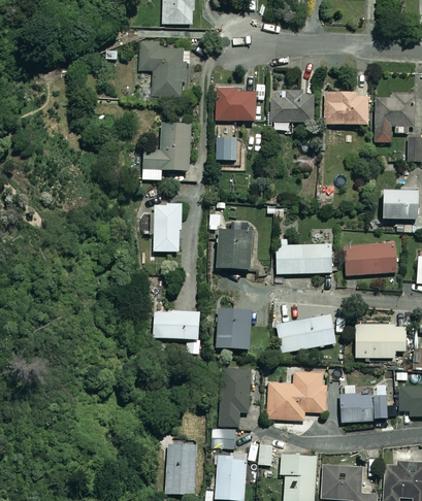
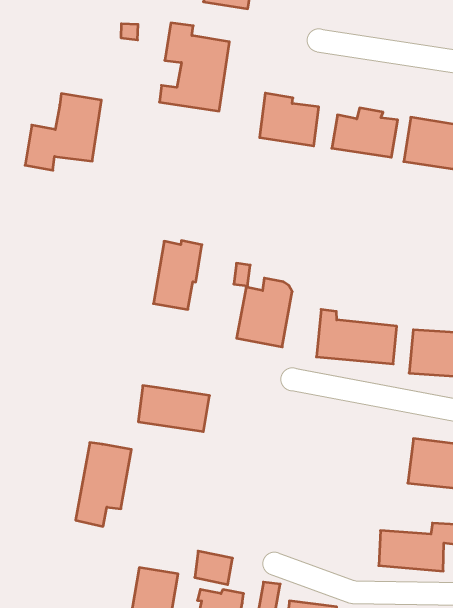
building: [141,124,191,180] -> [25,94,101,170]
building: [216,137,238,160] -> none
building: [216,309,252,349] -> none
building: [277,314,336,352] -> none
building: [217,367,251,427] -> [76,443,131,526]
building: [267,372,326,420] -> none

